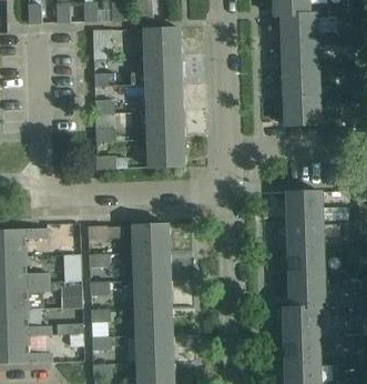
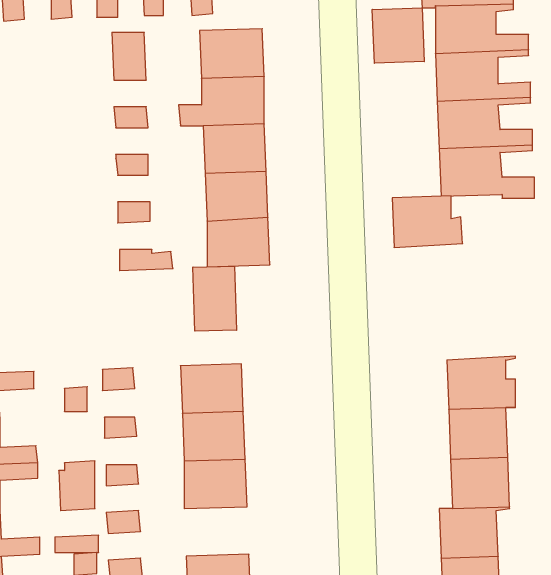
building: none -> [372,8,424,63]
building: none -> [193,266,237,331]
building: [286,191,327,221] -> [392,196,463,247]
building: [134,306,172,335] -> none

